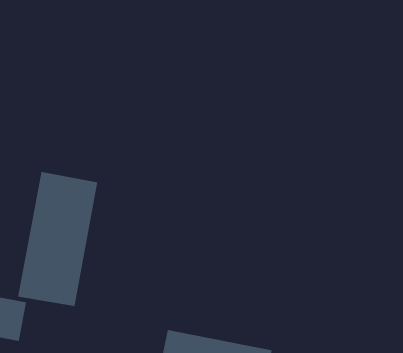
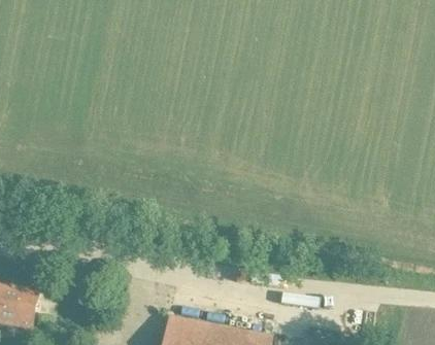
building: [18,171,98,307] -> none

